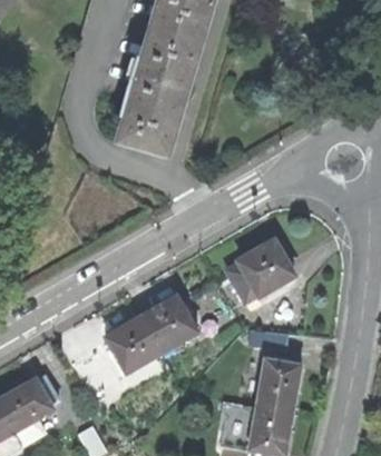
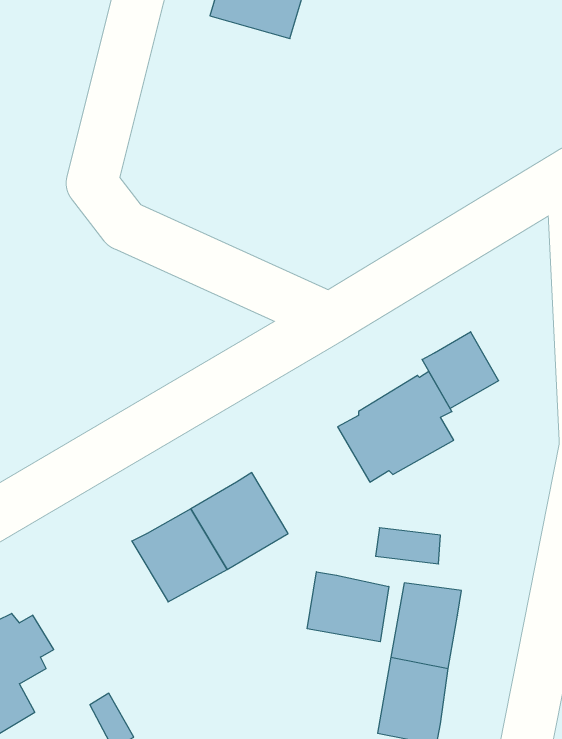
building: [116,28,197,156] -> none
building: none -> [422,332,499,409]
building: none -> [307,572,389,642]

